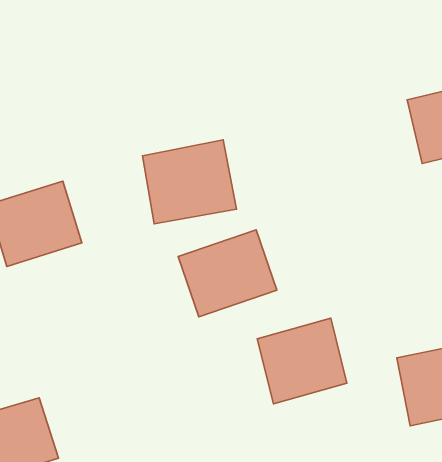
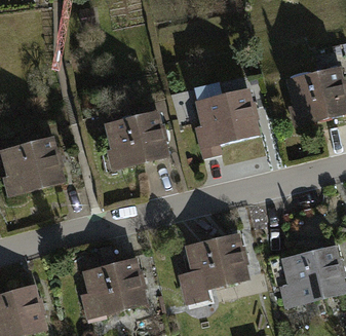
building: none -> [198,89,258,142]
building: [178,230,277,317] -> [81,257,150,318]

